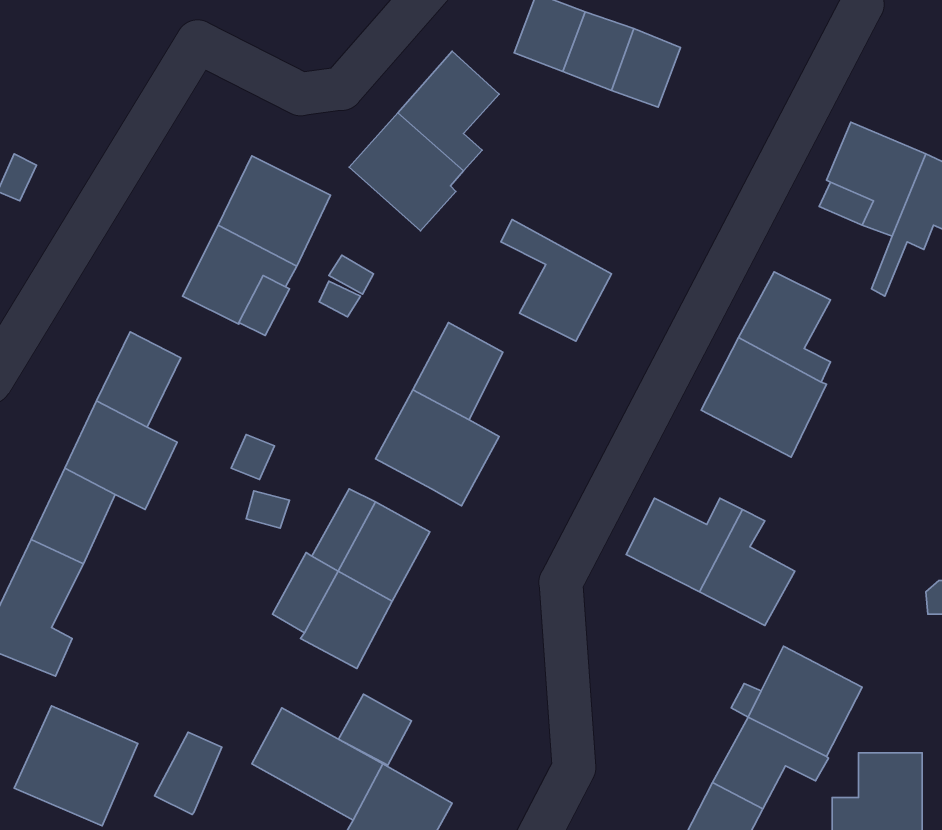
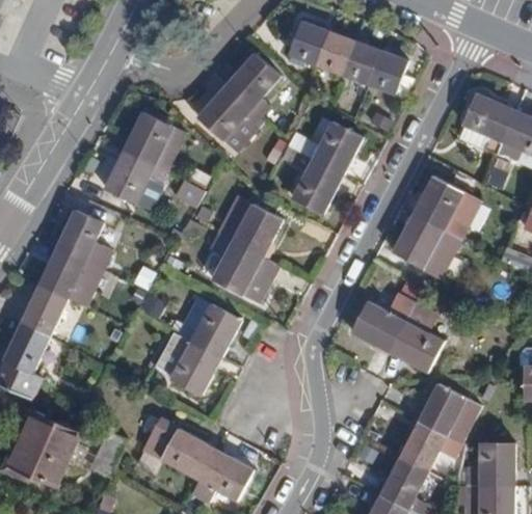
building: none -> [368,51,414,96]
building: none -> [287,121,362,177]
building: [339,694,412,765] -> none

